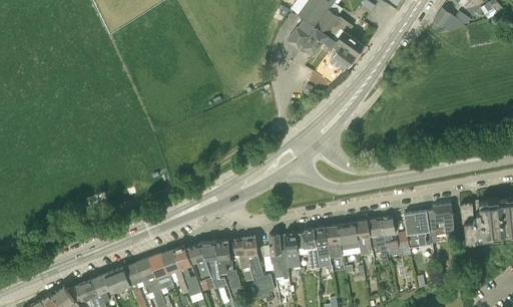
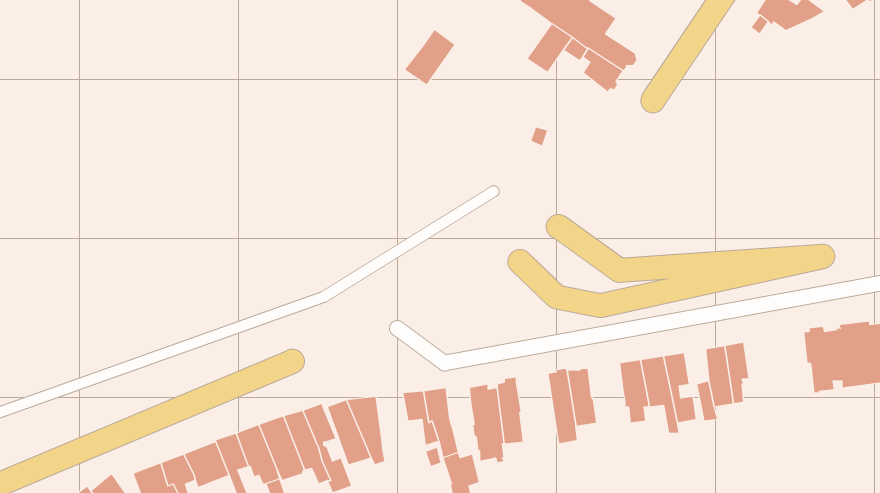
building: [287,19,316,51] -> [404,29,455,85]
building: [426,205,453,237] -> none
building: [337,223,358,251] -> none
building: [296,229,320,270] -> none
building: [215,241,240,290] -> none

